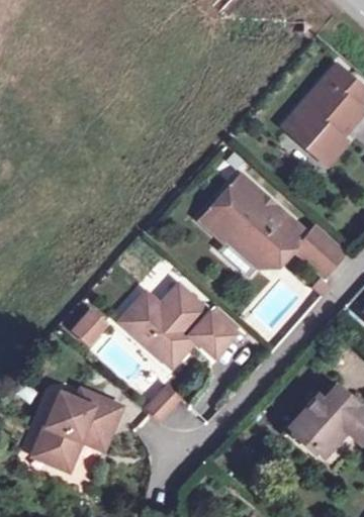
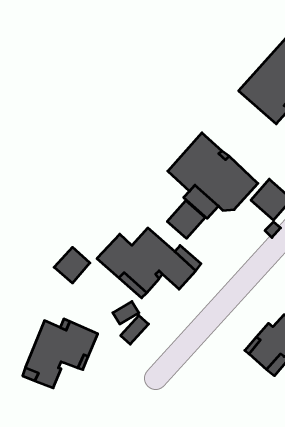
building: none -> [167,201,205,238]

